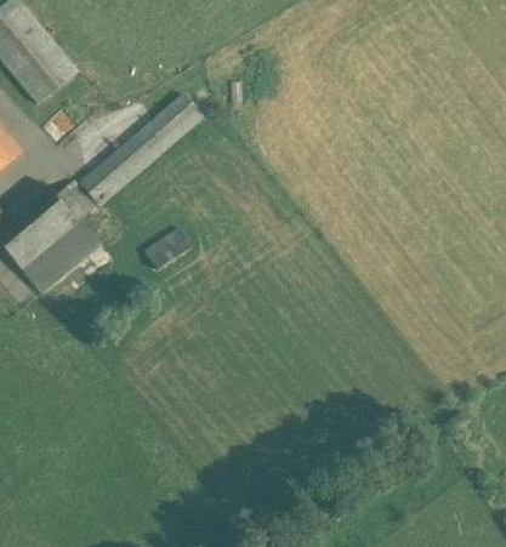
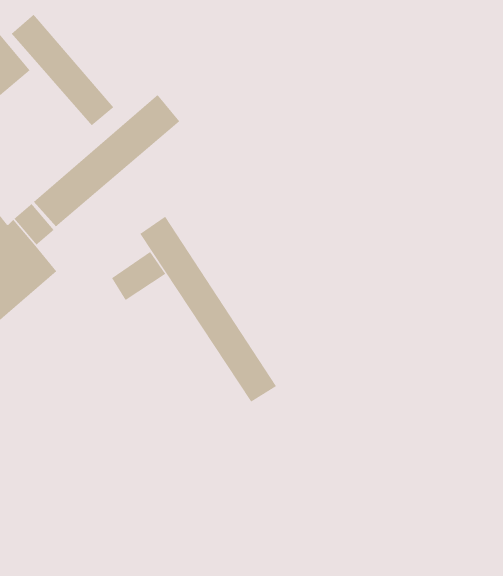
building: none -> [11,14,114,126]
building: none -> [139,216,277,403]

